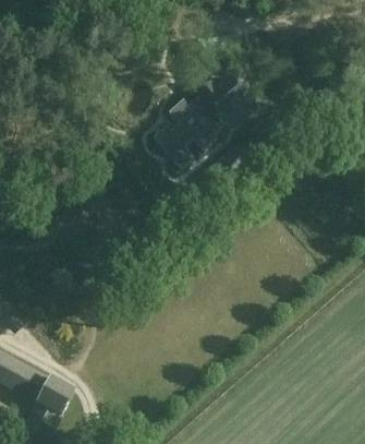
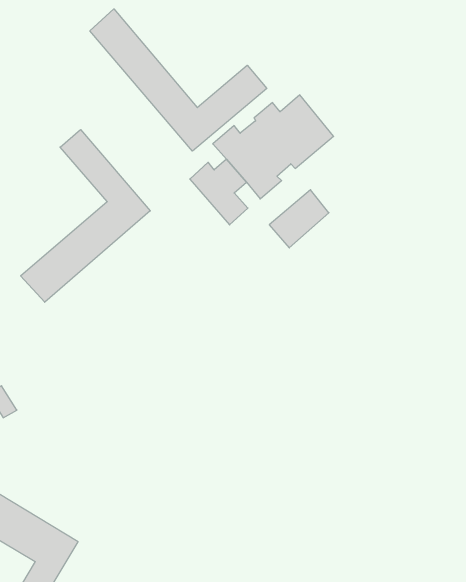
building: none -> [90,9,267,151]
building: none -> [21,130,150,302]

